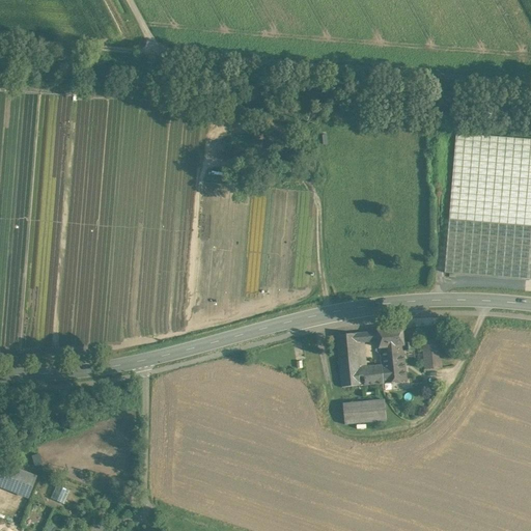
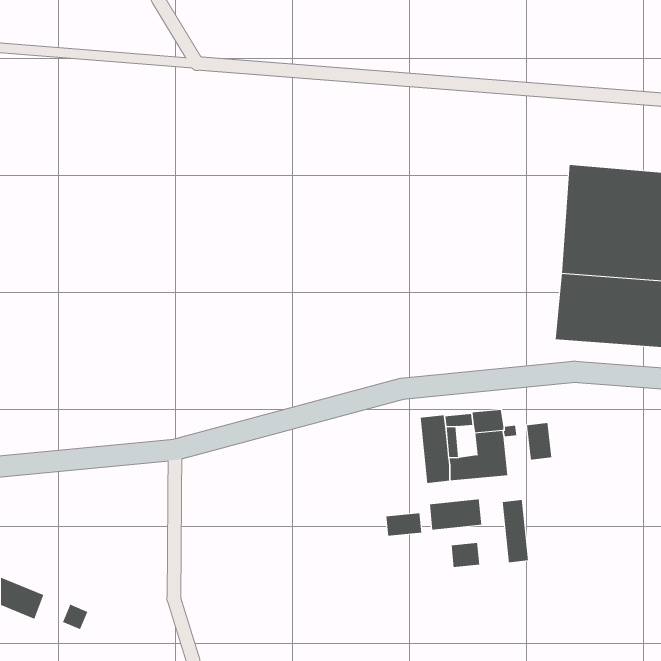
building: none -> [502,499,529,563]
building: none -> [386,512,422,537]
building: none -> [451,542,480,568]

